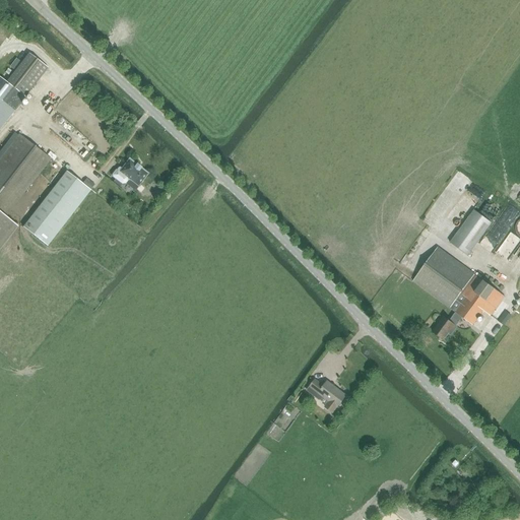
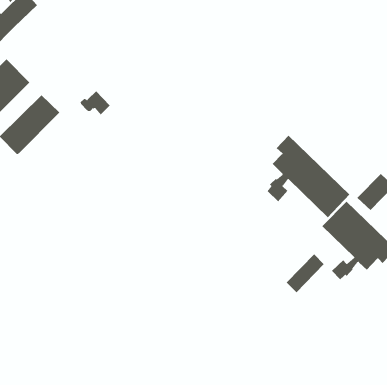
building: none -> [267,135,350,218]
building: none -> [286,253,325,293]
building: [306,378,345,410] -> none

